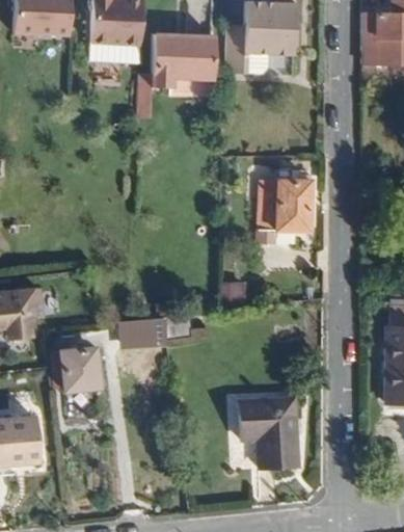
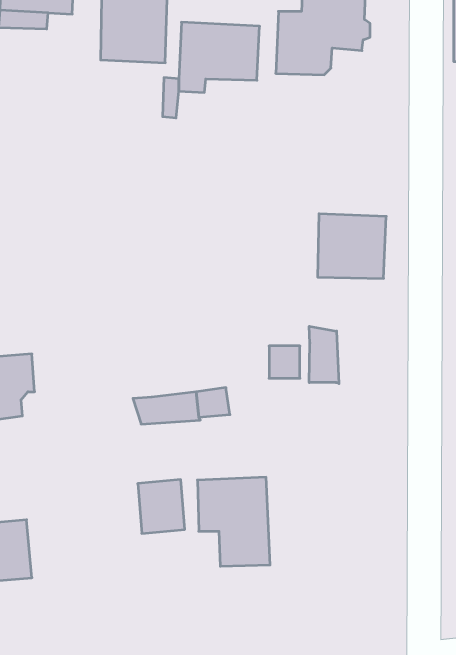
building: none -> [309,326,339,384]
building: [62,348,99,390] -> [138,480,185,533]
building: [242,398,298,467] -> [197,477,270,566]

